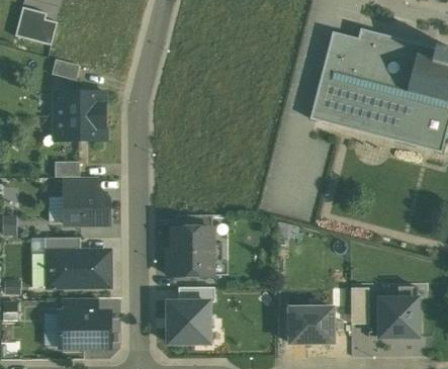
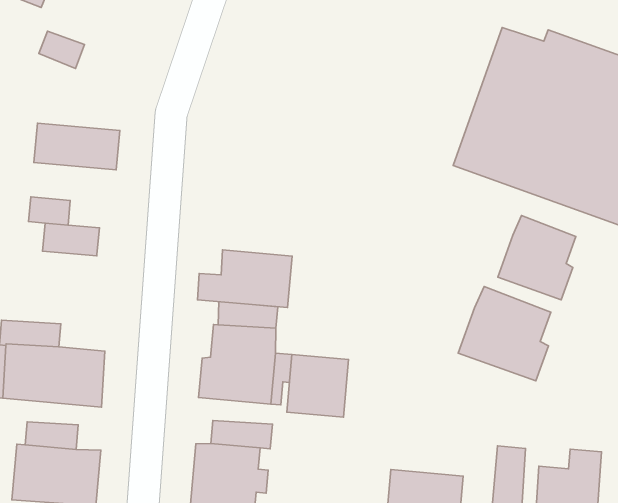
building: [54,91,104,115] -> none
building: none -> [498,215,576,300]
building: none -> [198,250,292,308]
building: none -> [458,287,551,381]
building: [64,192,107,223] -> none
building: none -> [287,354,349,417]

